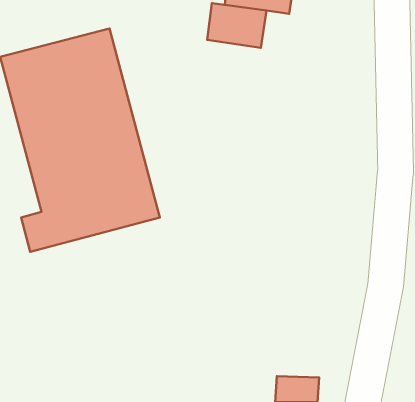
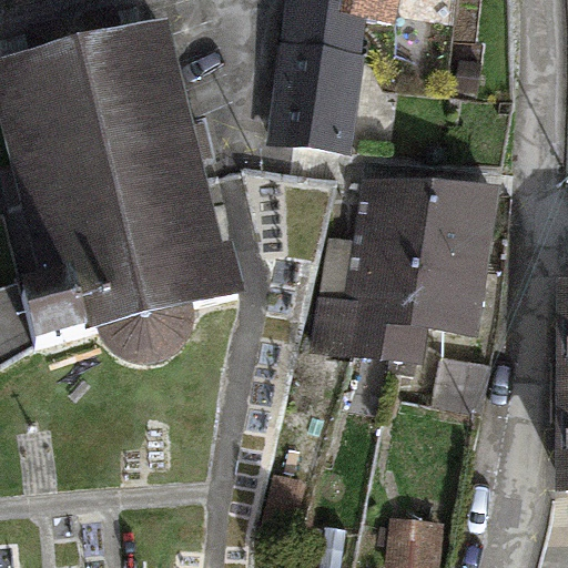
building: none -> [271,54,356,145]
building: none -> [314,182,495,359]

